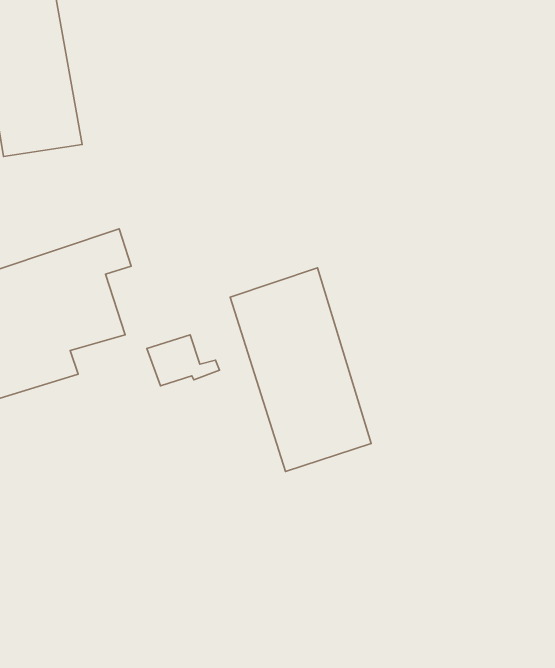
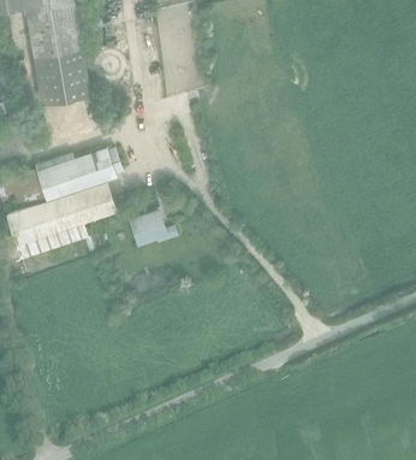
building: [230,268,371,472] -> none

